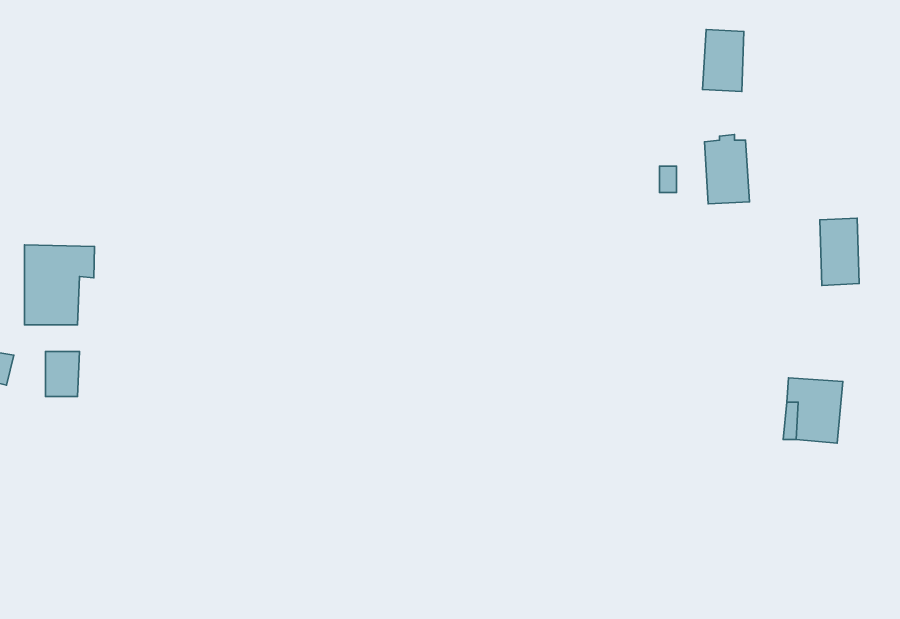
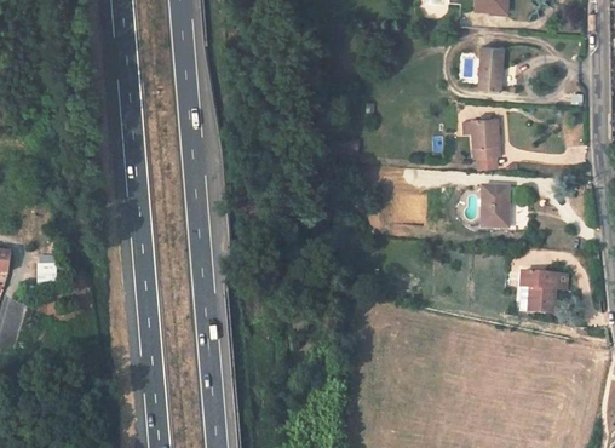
building: [820,218,859,285] -> [487,186,512,230]
building: [25,245,94,325] -> none

